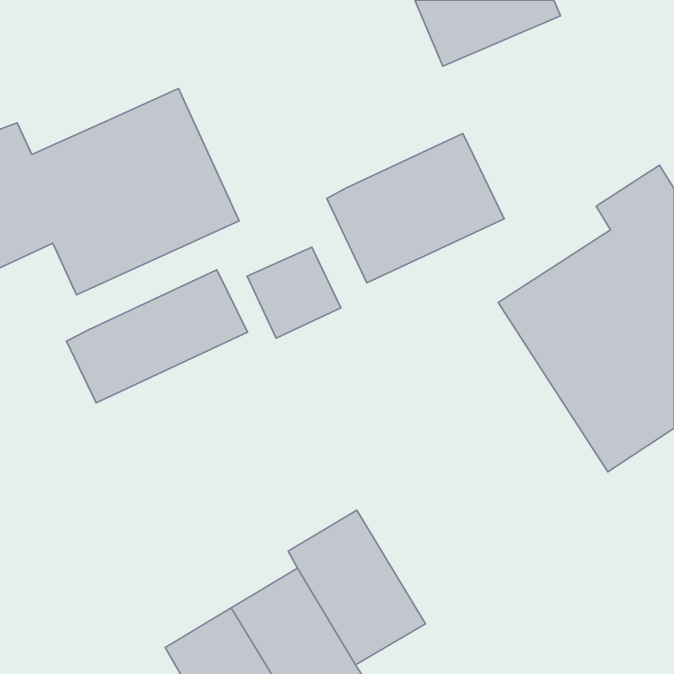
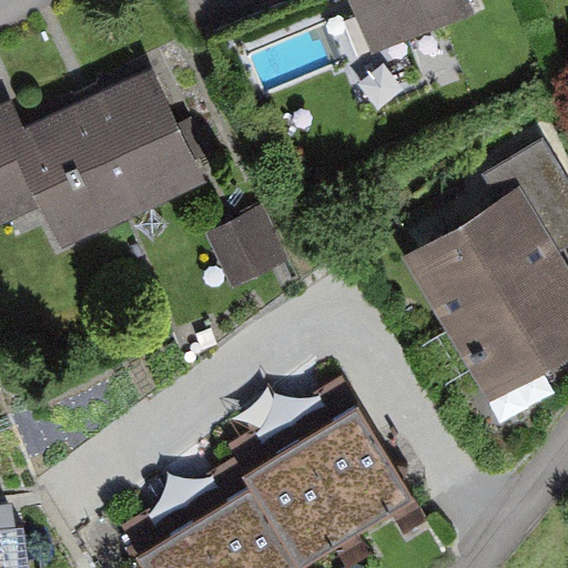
building: [327,133,504,283] -> none
building: [66,270,248,403] -> none
building: none -> [300,395,415,525]

